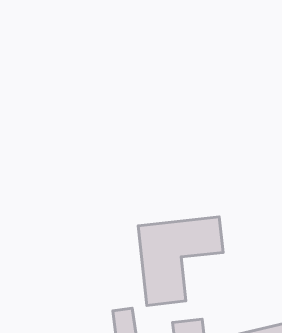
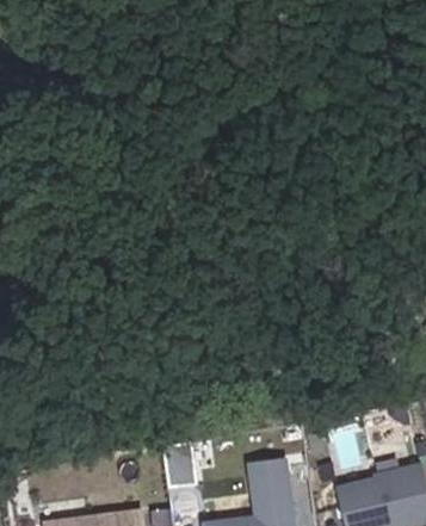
building: [138,217,223,306] -> none

